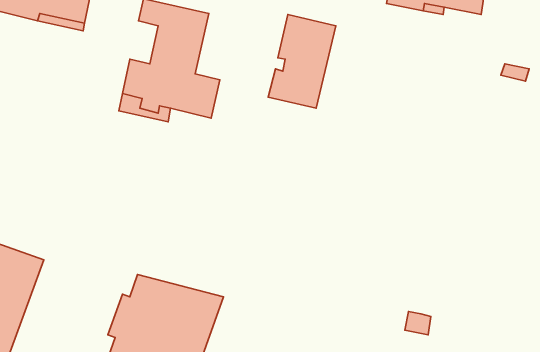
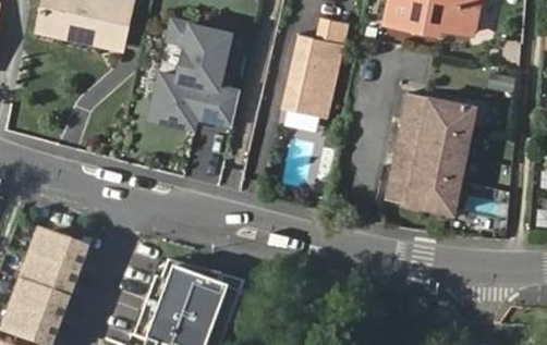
building: none -> [389,94,481,214]

